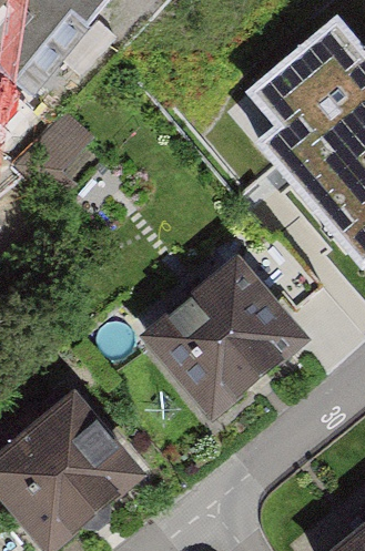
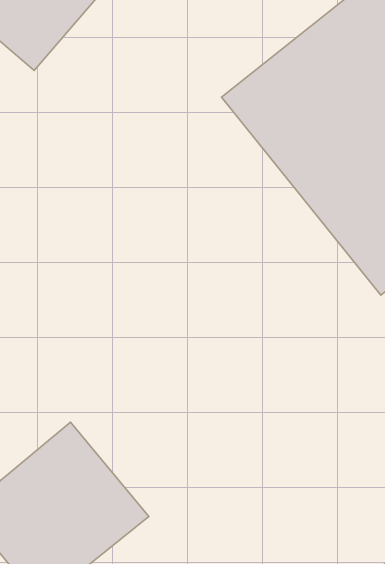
building: [149,255,308,412] -> none

